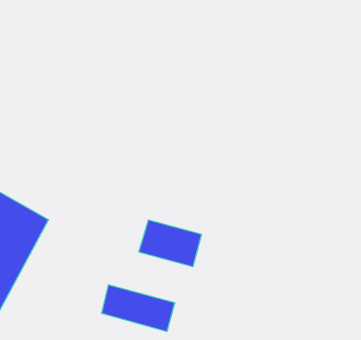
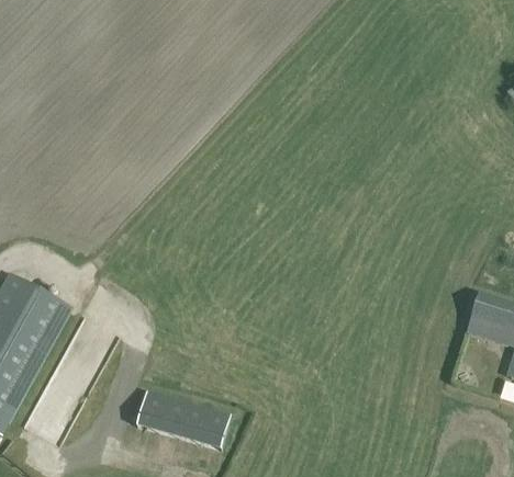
building: [139,220,202,267] -> none

